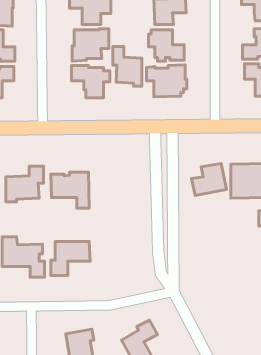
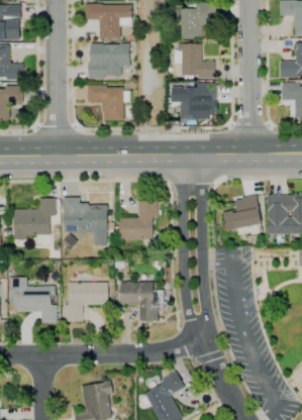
building: [113,46,142,86] -> none
building: none -> [119,201,157,239]
building: none -> [120,282,164,320]

